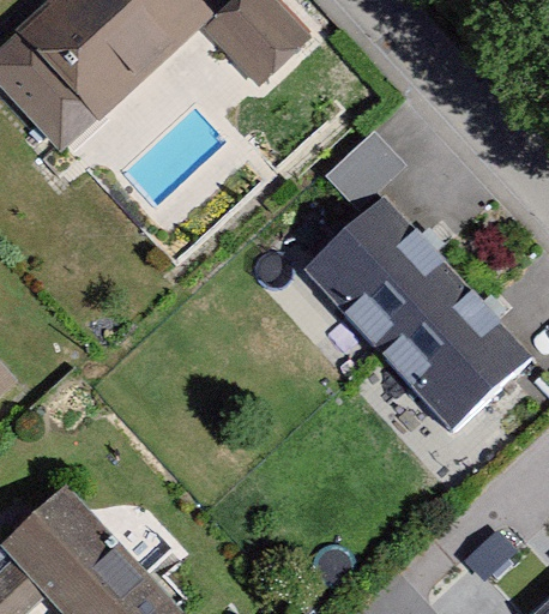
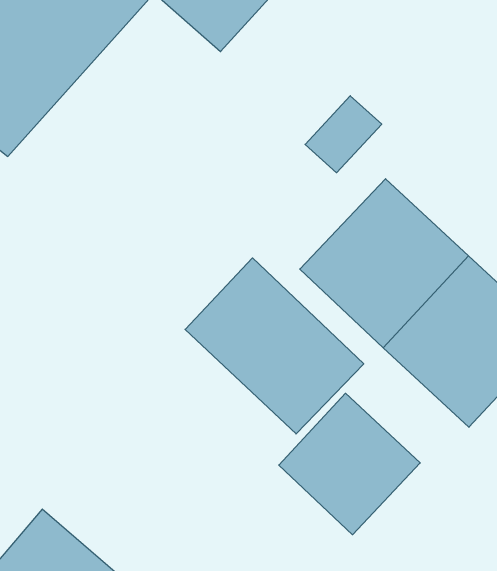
building: none -> [185,258,364,434]
building: none -> [279,393,420,535]

